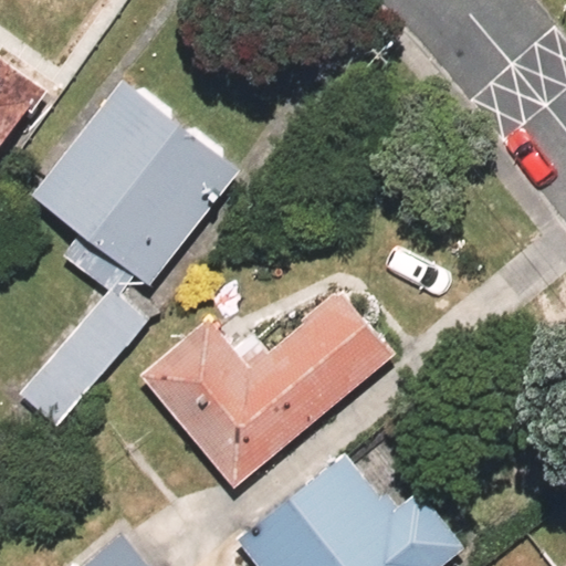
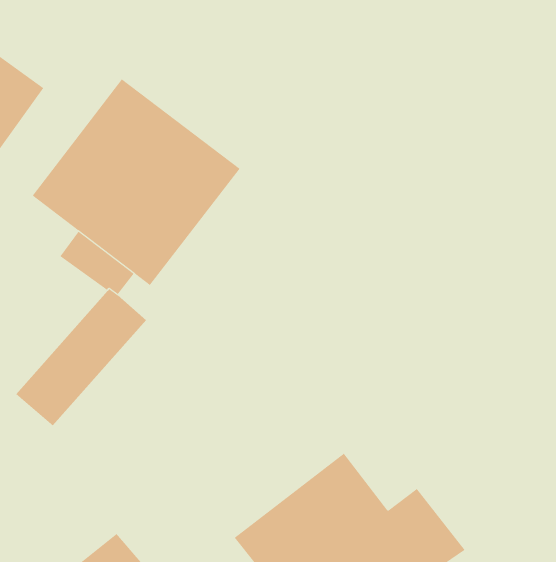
building: [140,289,391,488] -> none

